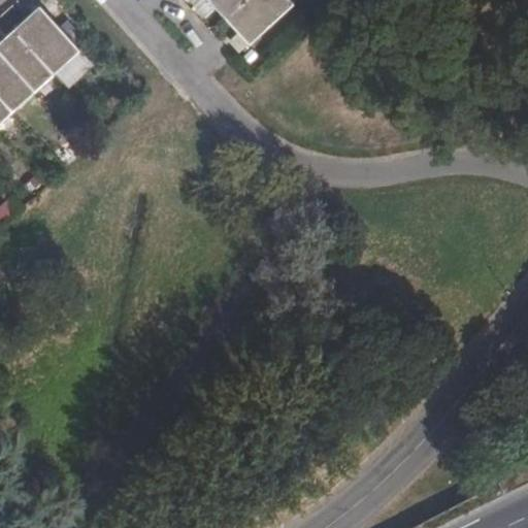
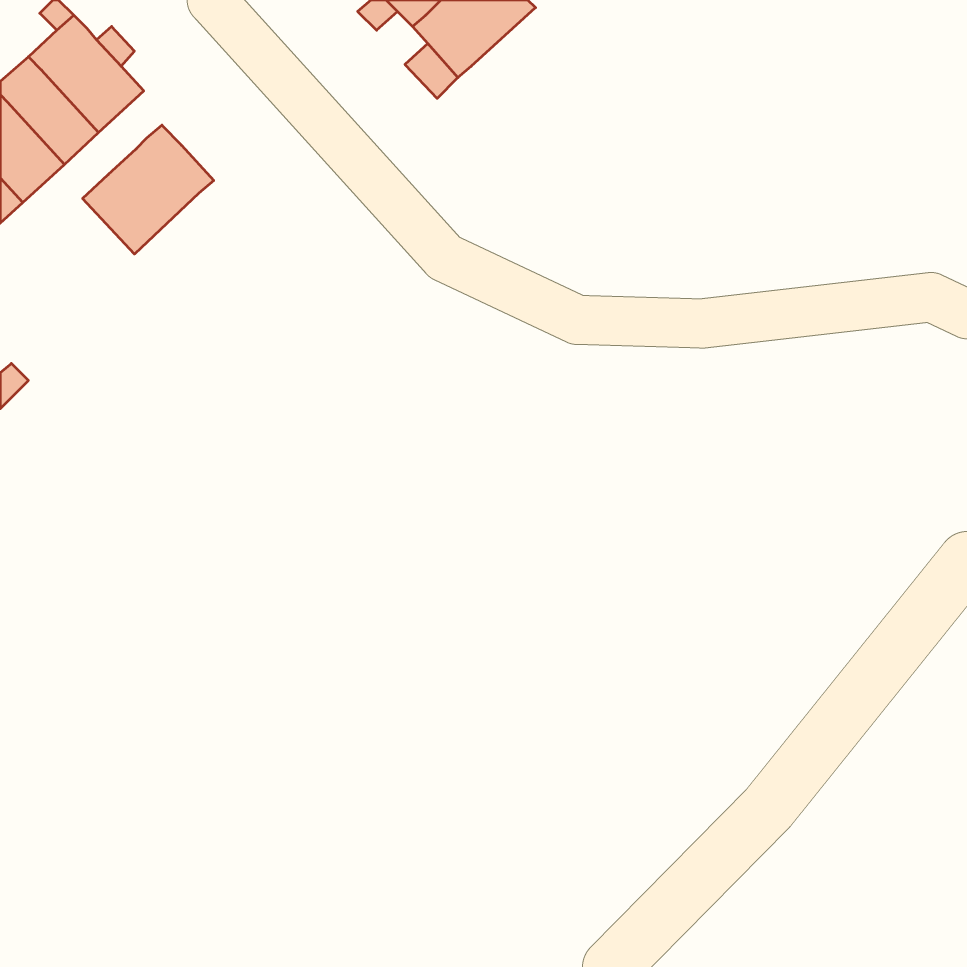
building: none -> [83,125,214,254]

